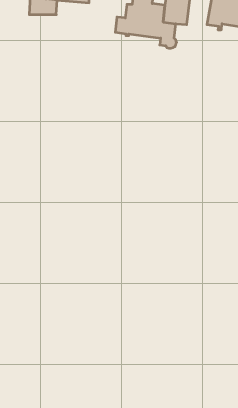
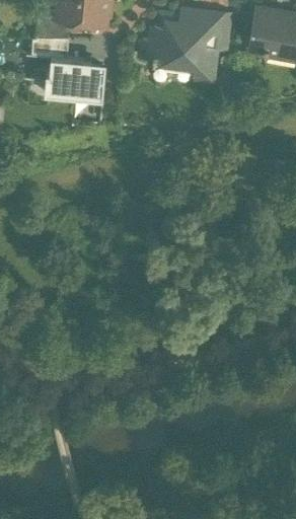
building: none -> [46,56,107,98]

